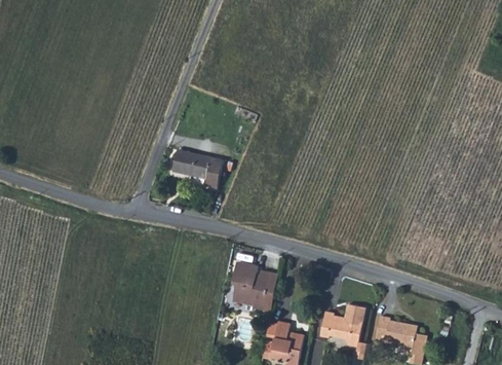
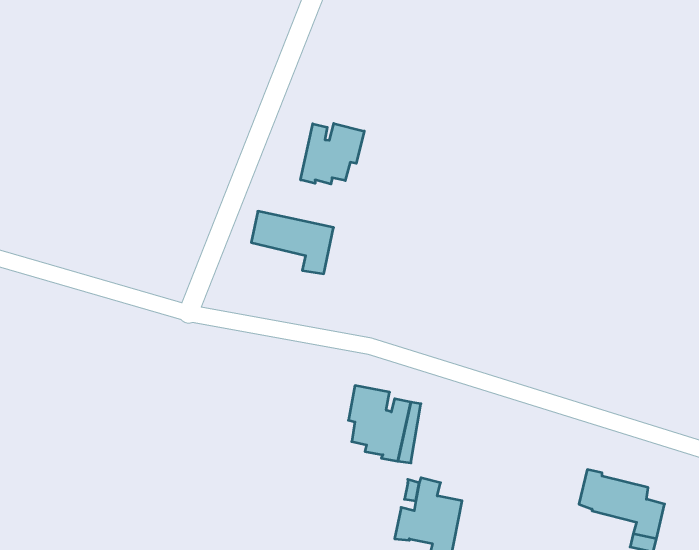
building: none -> [301,123,364,184]
building: [320,303,365,345] -> none

